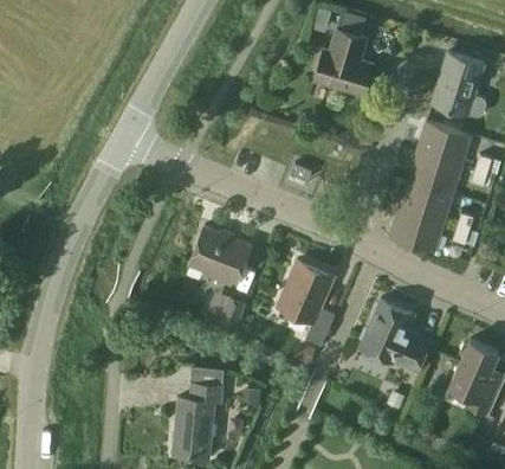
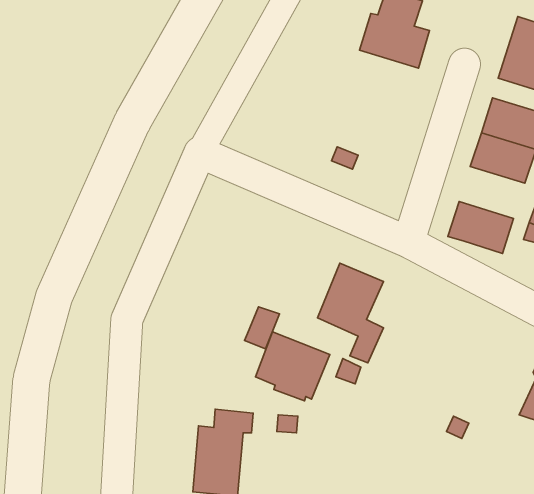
building: [397,179,453,223] -> none
building: [189,226,252,284] -> [256,332,330,401]
building: [360,300,429,370] -> none

